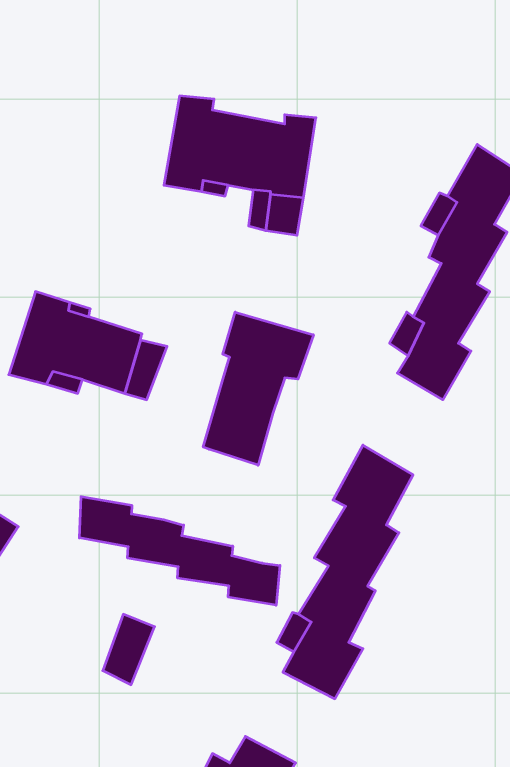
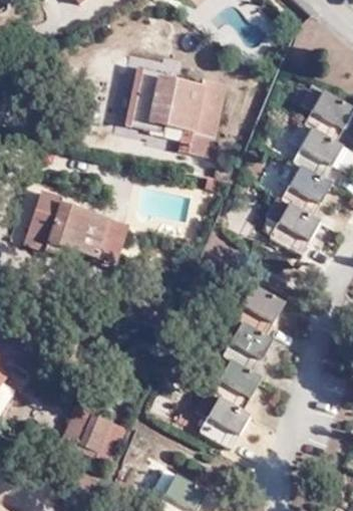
building: [203,312,313,465] -> none
building: [79,497,280,605] -> none

